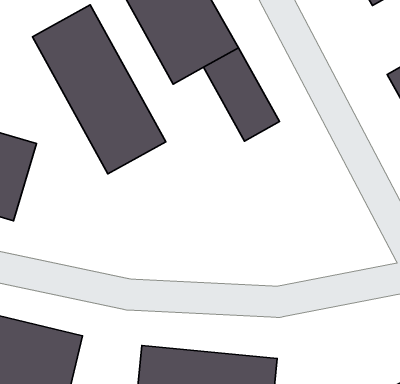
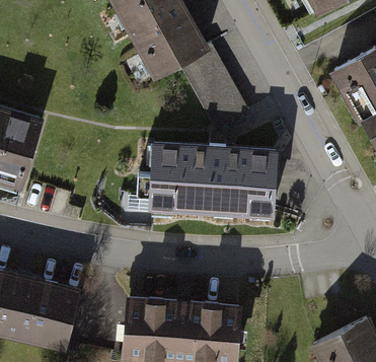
building: [32,5,166,174] -> none
building: none -> [147,147,278,216]

